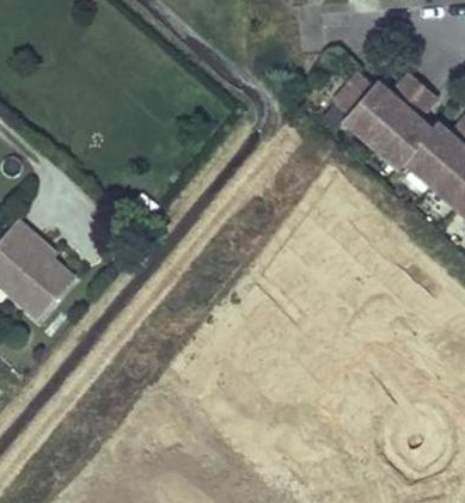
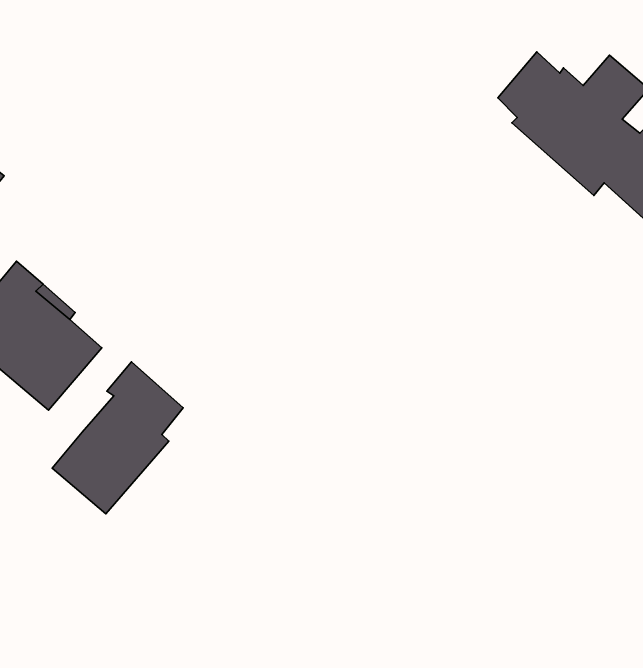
building: none -> [52,362,183,514]

